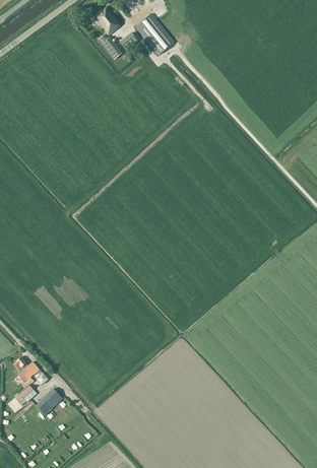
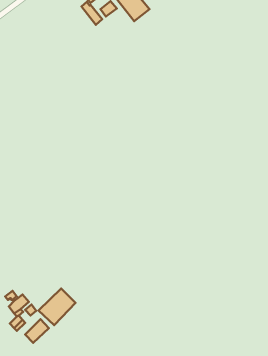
building: none -> [39,288,76,325]

